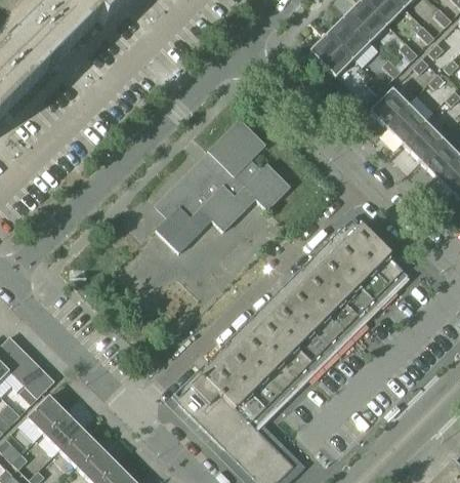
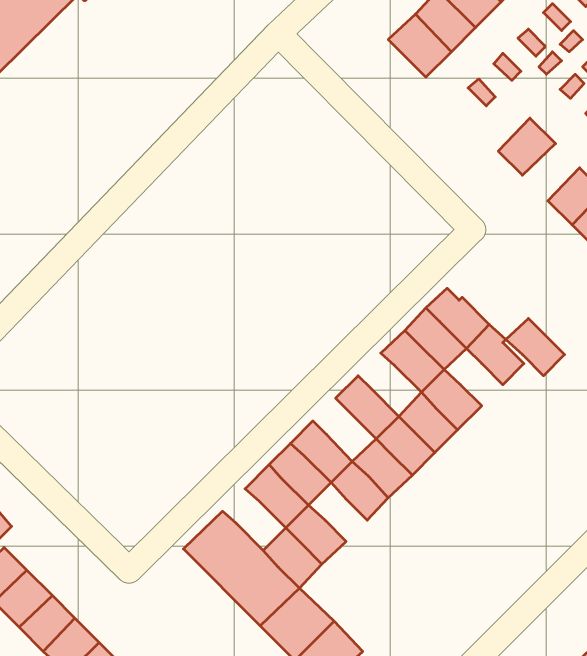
building: [371,88,408,125] -> none
building: [155,119,291,252] -> none
building: [403,120,442,159] -> none
building: [349,259,389,298] -> [506,318,565,376]
building: [291,263,334,306] -> none
building: [260,293,303,336] -> none
building: [257,351,297,391] -> none
building: [199,355,242,397] -> none

